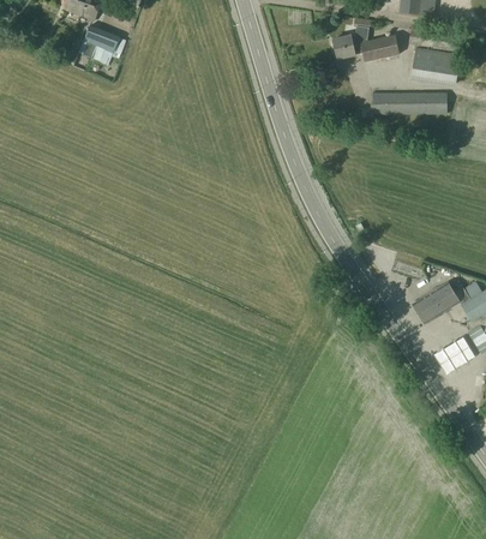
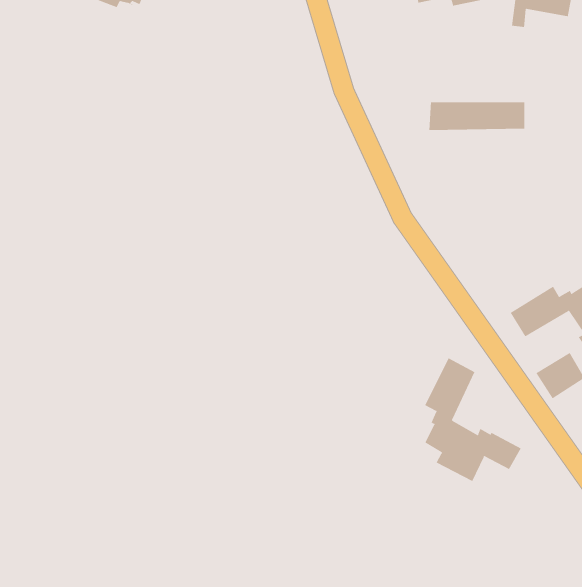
building: [370,94,446,116] -> [429,102,525,130]
building: none -> [424,357,522,482]

